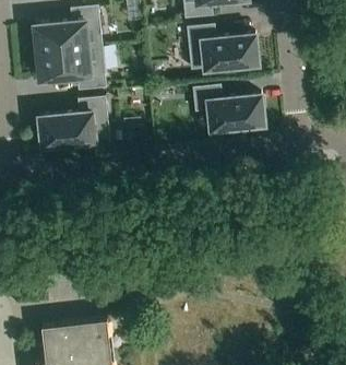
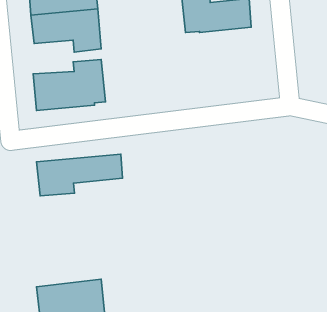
building: [192,84,267,131] -> none
building: none -> [36,154,123,196]

